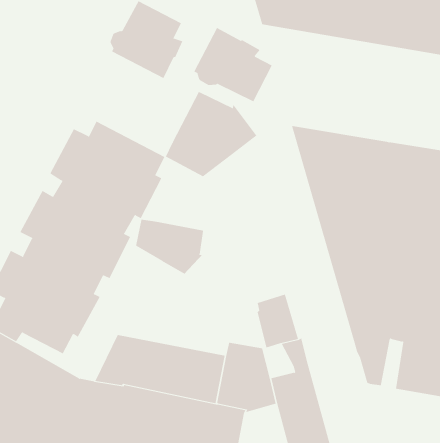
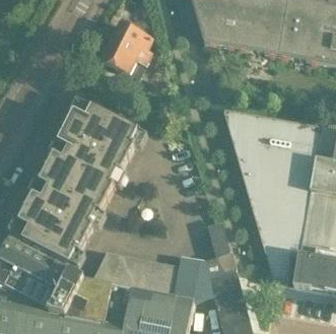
building: [193,27,272,102] -> none
building: [165,91,257,177] -> none
building: [136,219,204,274] -> none

